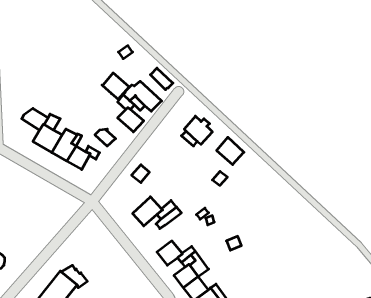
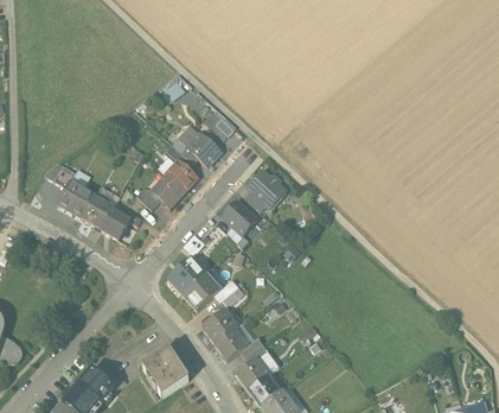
building: [102,73,129,99] -> [149,173,184,206]
building: [217,137,244,165] -> [222,199,256,234]
building: none -> [167,256,205,294]
building: none -> [200,309,237,343]
building: none -> [141,348,187,395]

